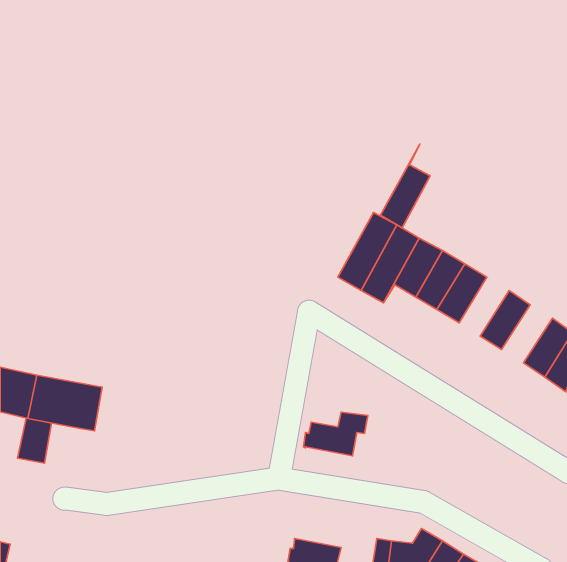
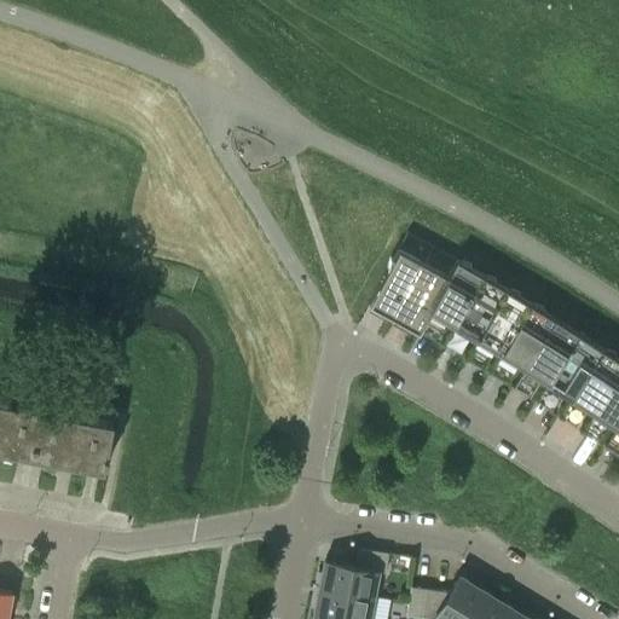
building: [381,144,430,228] -> none
building: none -> [501,308,555,372]
building: none -> [546,339,602,401]
building: [303,412,368,456] -> [319,555,389,602]
building: [18,418,51,463] -> none

